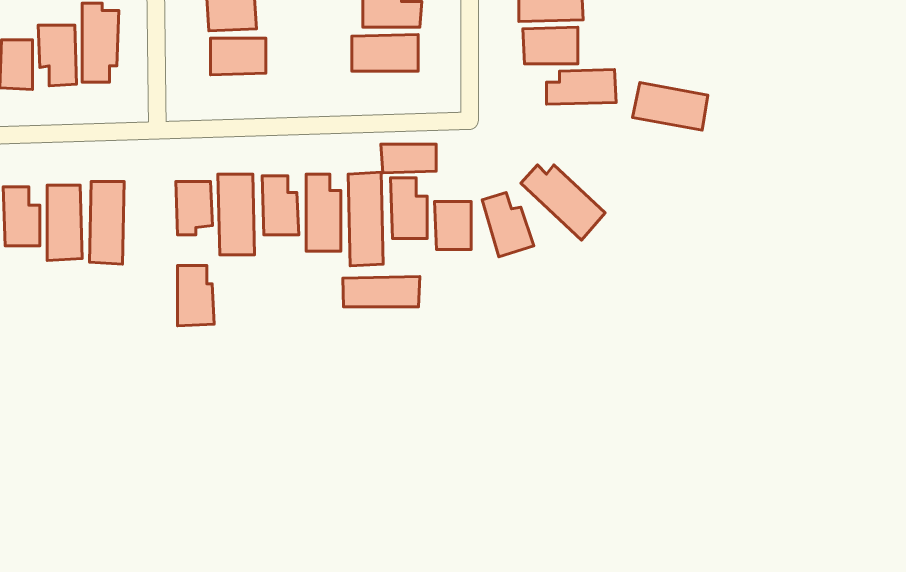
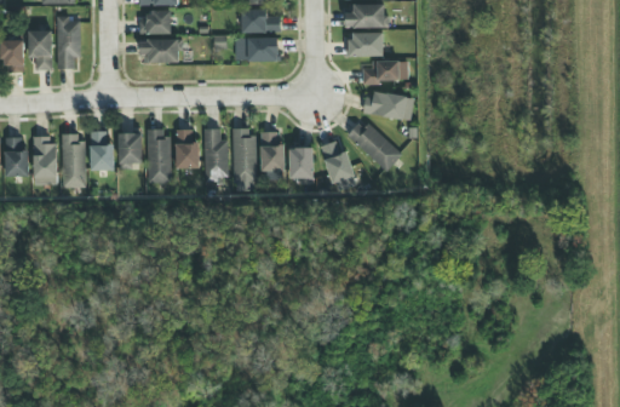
building: [633,82,708,130] -> [364,90,414,121]
building: [381,144,436,173] -> none
building: [177,265,214,326] -> [91,131,115,171]
building: [343,277,420,307] -> none

